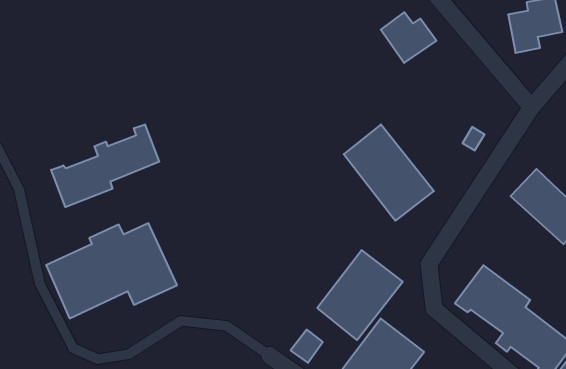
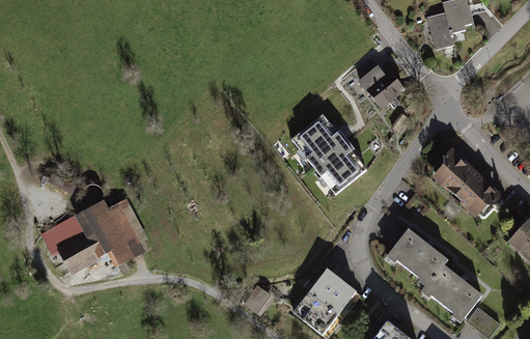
building: [381,12,436,63] -> [360,73,407,115]
building: [51,124,159,207] -> none
building: [317,250,403,340] -> none

